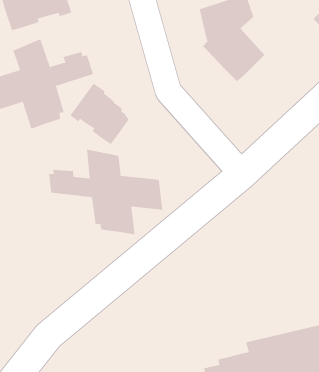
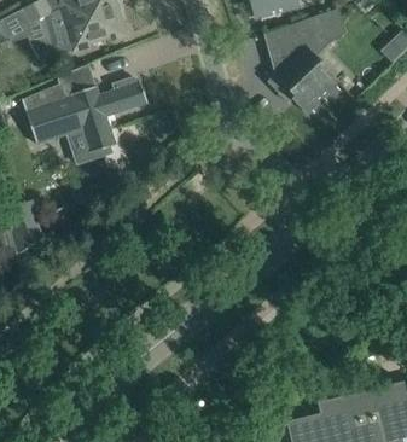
building: [69,83,129,145] -> none
building: [49,149,163,235] -> none

